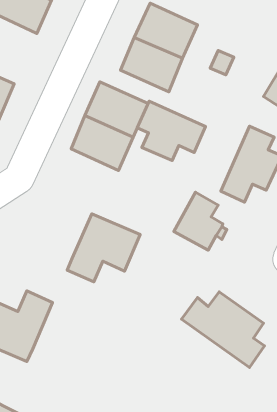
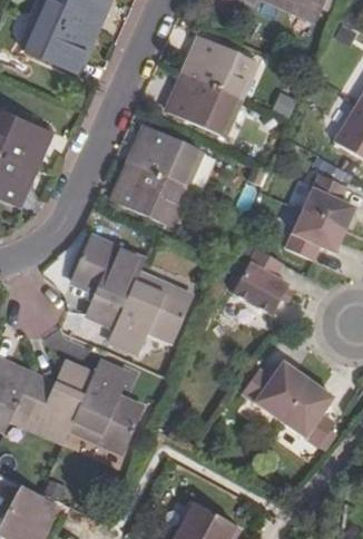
building: [137,101,205,160] -> none
building: none -> [72,238,144,325]
building: none -> [71,362,144,452]

